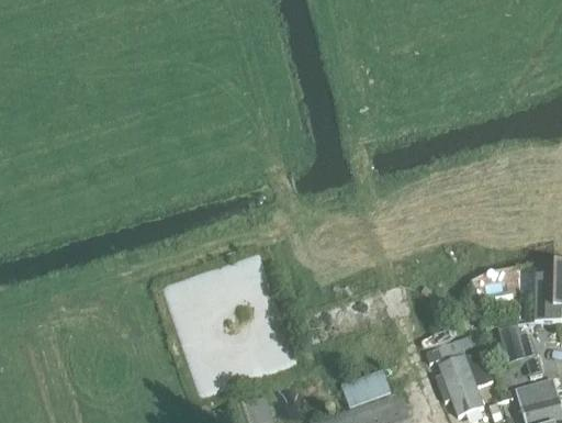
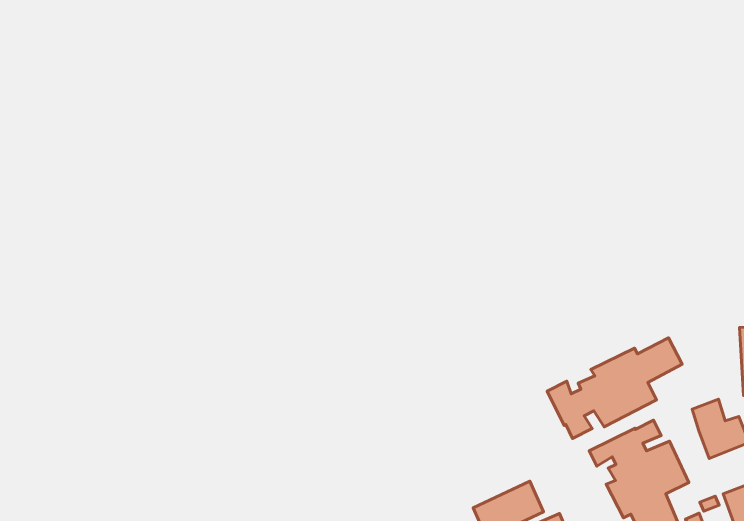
building: none -> [547,338,682,438]

